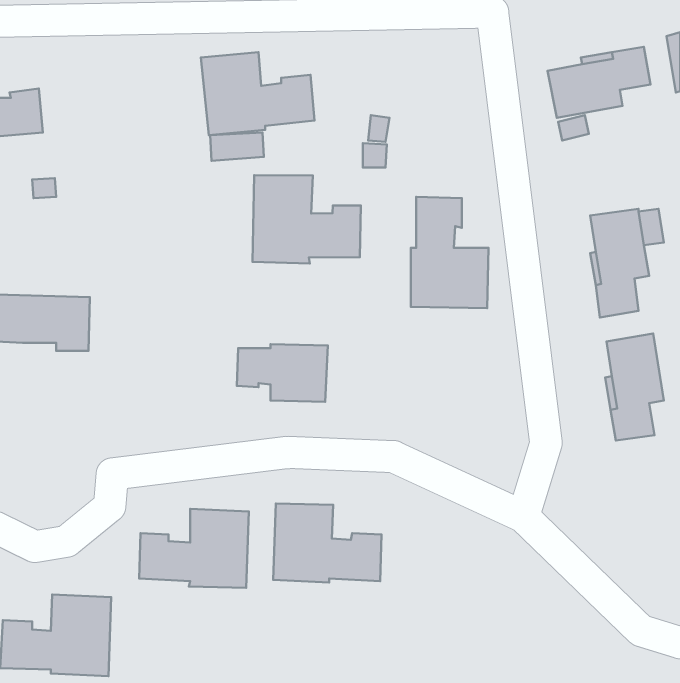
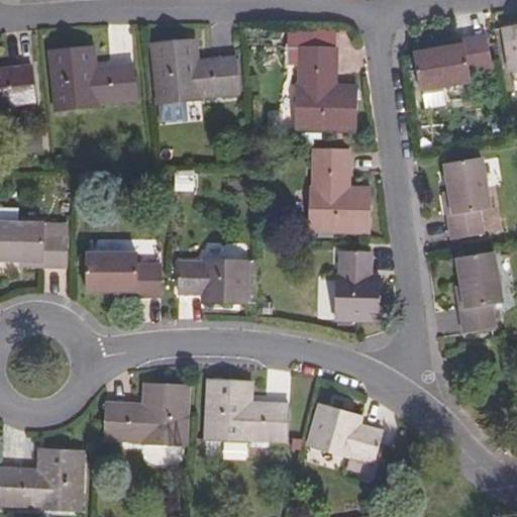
building: none -> [49,46,135,109]
building: none -> [295,47,354,128]
building: [252,175,361,263] -> none
building: none -> [85,252,161,293]
building: none -> [335,253,380,320]
building: none -> [307,403,381,472]

